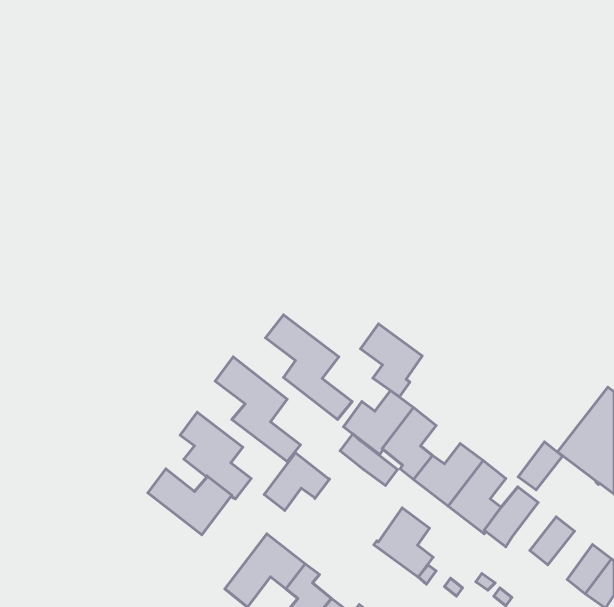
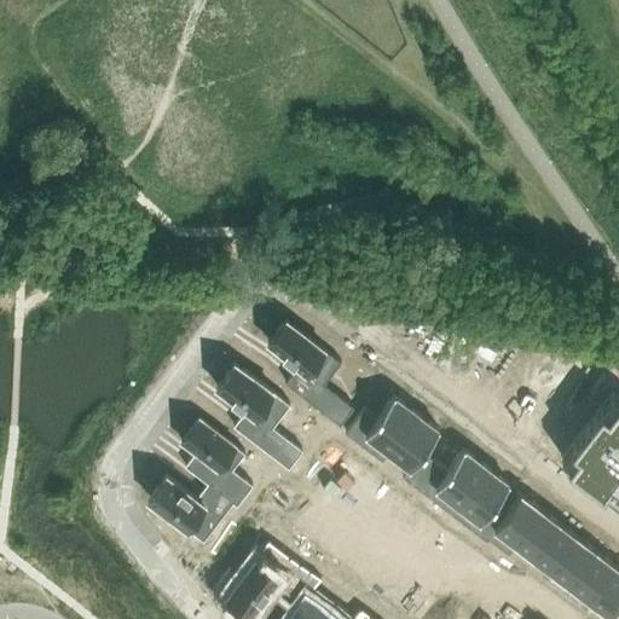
building: [361,324,422,397] -> none
building: [340,434,398,485] -> none
building: [518,442,563,490] -> [515,513,560,561]
building: [264,453,330,511] -> none
building: [374,508,433,577] -> none
building: none -> [551,542,596,590]

